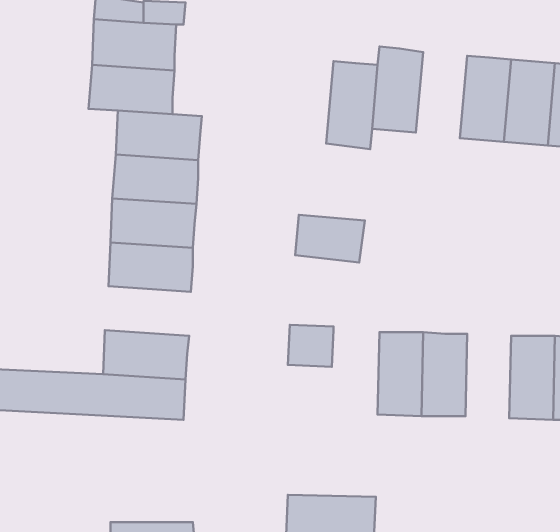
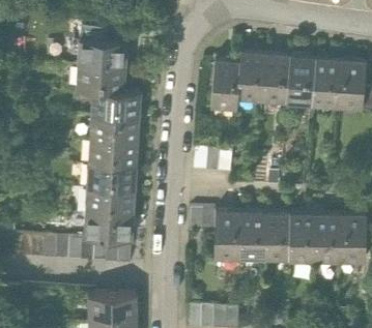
building: none -> [262,54,291,102]
building: none -> [86,186,135,214]
building: none -> [214,211,241,259]
building: none -> [290,213,316,261]
building: none -> [88,294,136,320]

